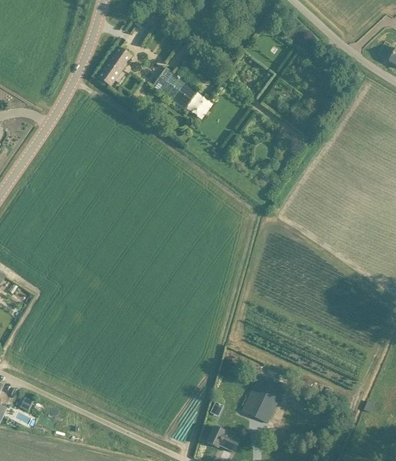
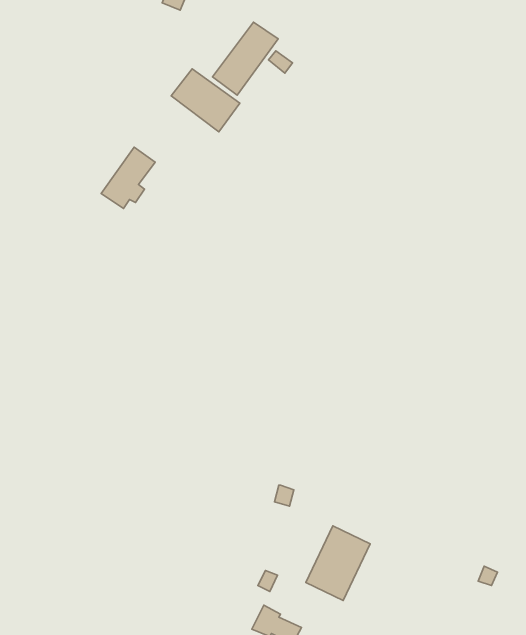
building: none -> [212,22,278,95]
building: [95,46,131,87] -> [101,147,155,209]

